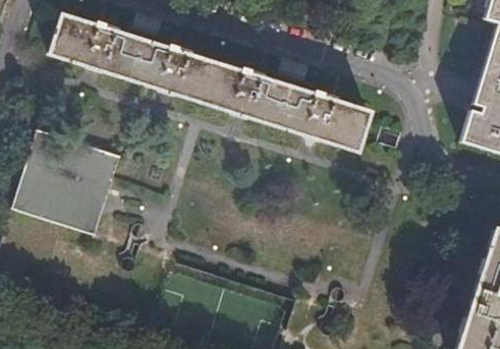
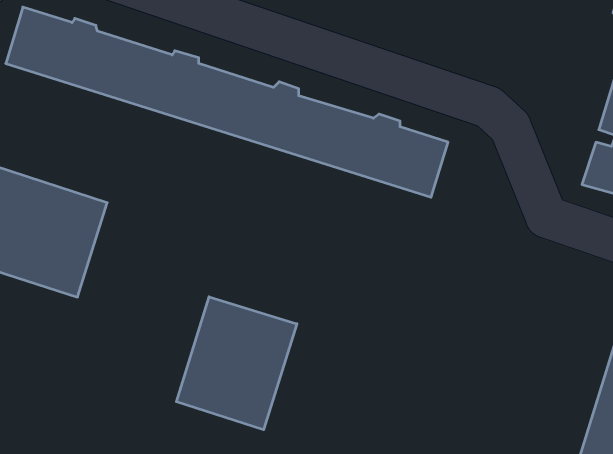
building: none -> [176,297,297,430]

